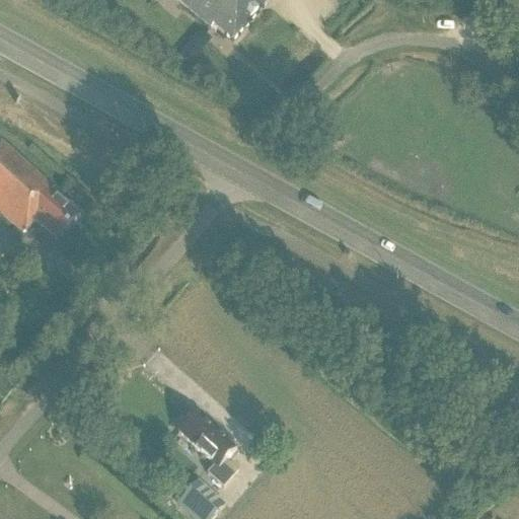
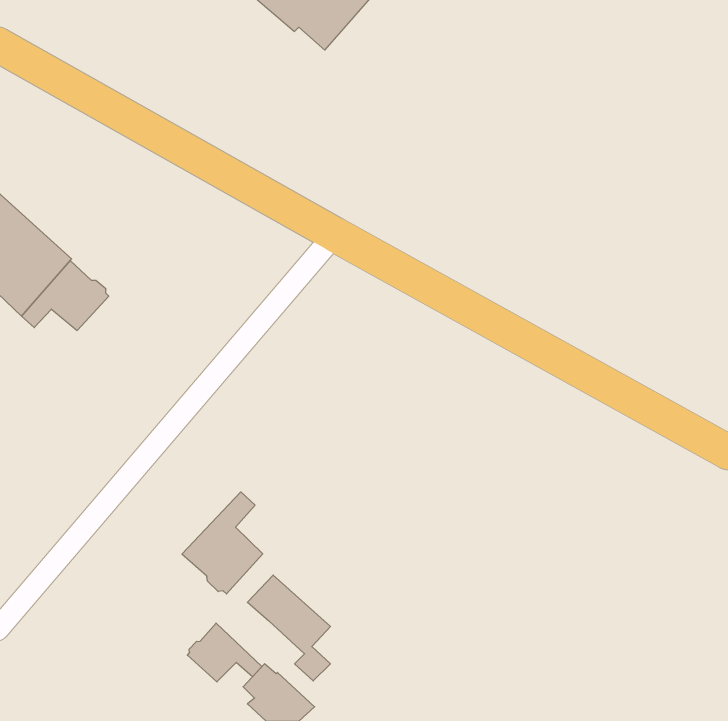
building: none -> [182,492,263,594]
building: none -> [187,623,262,682]

